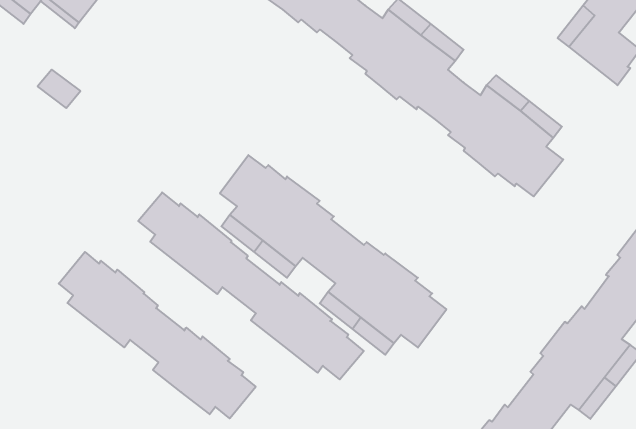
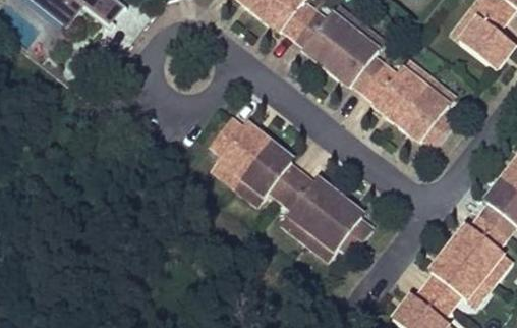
building: [138,192,364,379] -> none
building: [59,252,256,418] -> none

